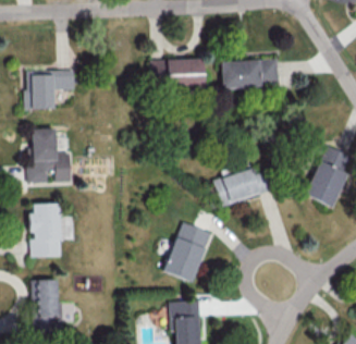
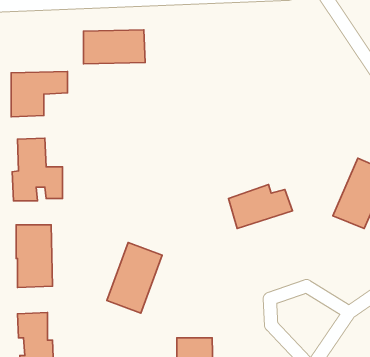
building: [151,58,205,87] -> [84,30,145,64]
building: [222,59,279,87] -> none
building: [163,221,211,282] -> [107,243,162,313]

